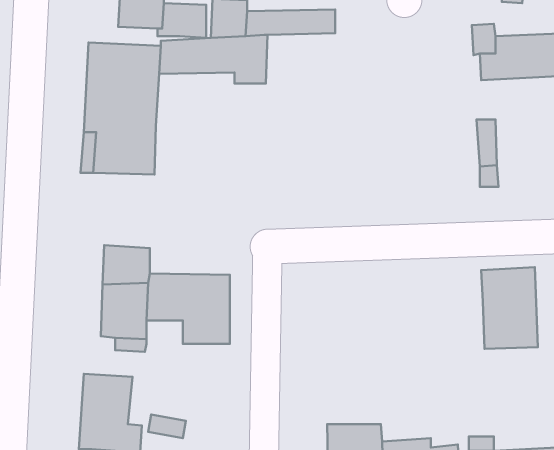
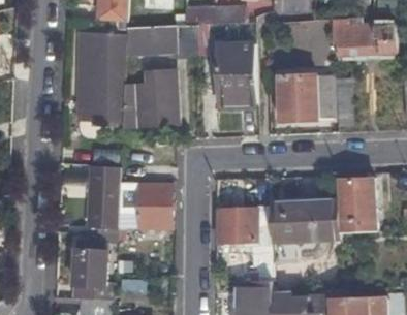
building: none -> [217,43,256,104]
building: none -> [121,70,177,128]
building: none -> [276,74,332,121]
building: none -> [269,200,339,241]
building: none -> [218,209,255,241]

